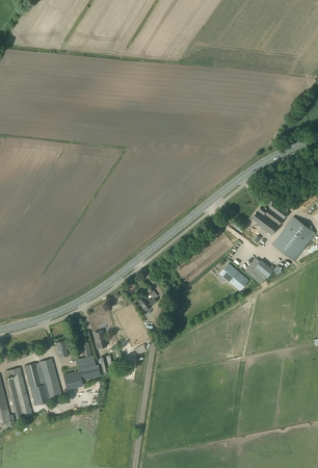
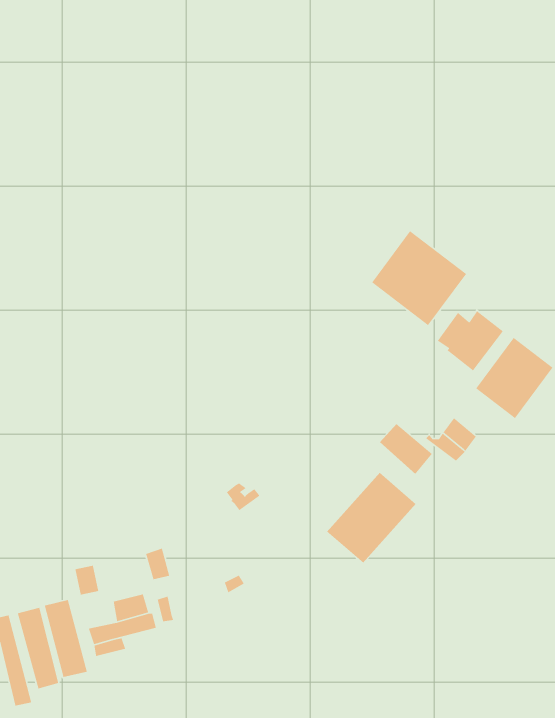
building: none -> [371,230,467,326]
building: none -> [326,472,417,564]

